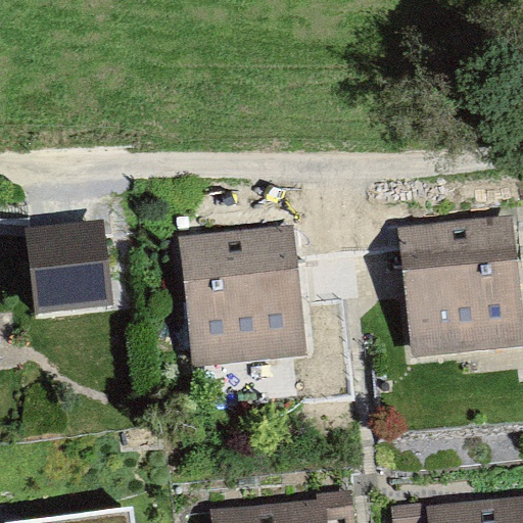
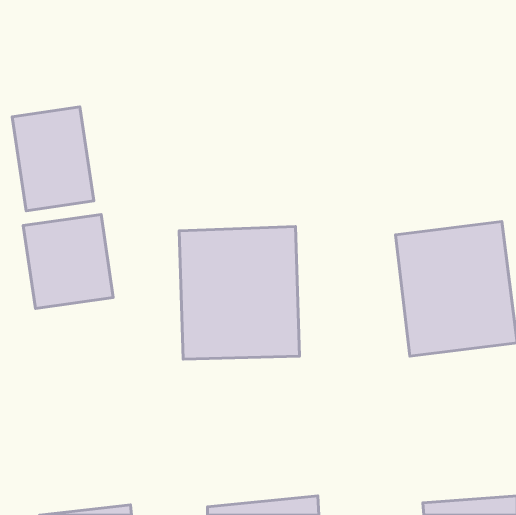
building: none -> [12,107,94,211]

